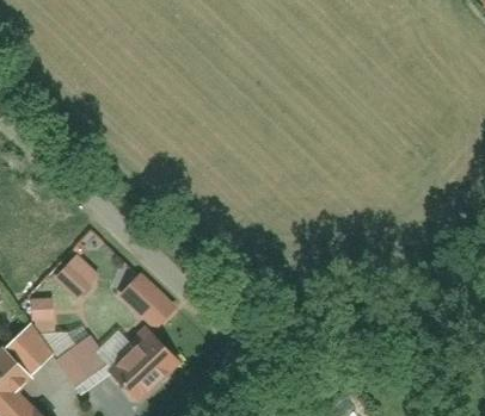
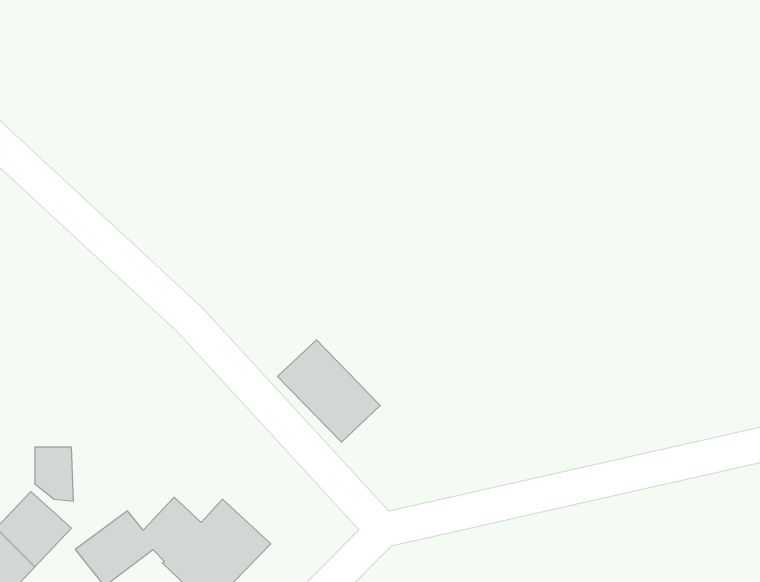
building: [54,260,96,300] -> none
building: [118,272,182,335] -> [278,340,380,442]

